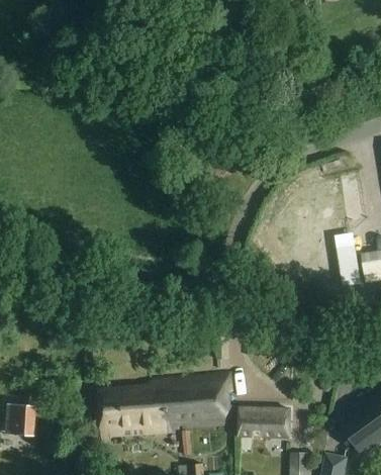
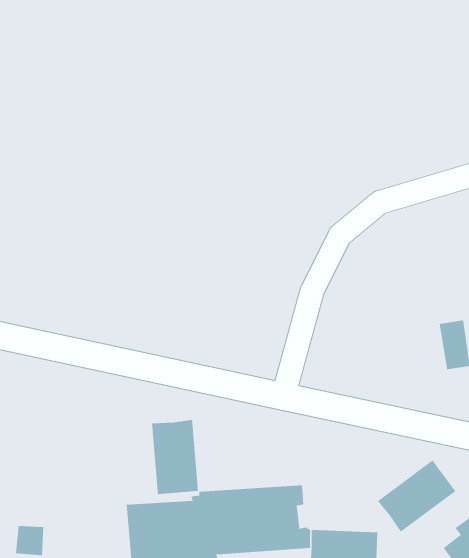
building: none -> [151,419,199,495]
building: none -> [377,460,456,533]

